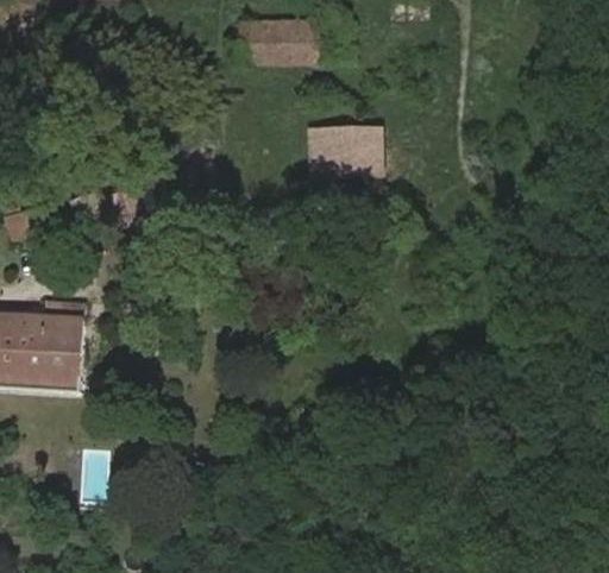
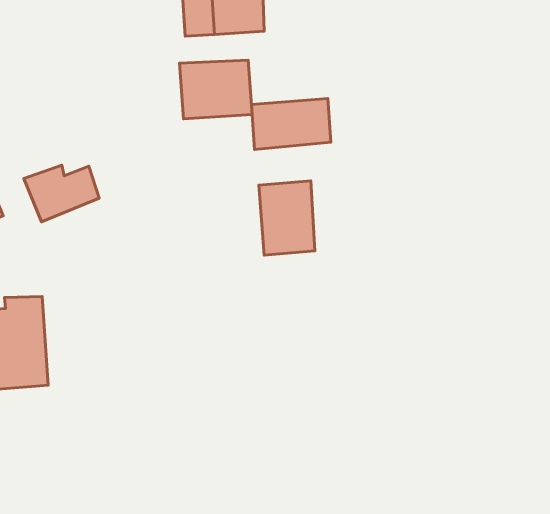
building: none -> [179,60,252,119]
building: none -> [259,181,315,255]

